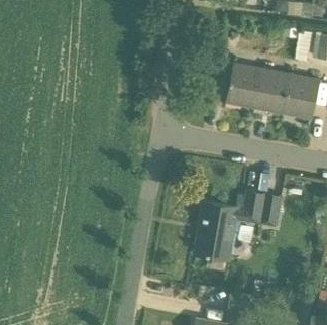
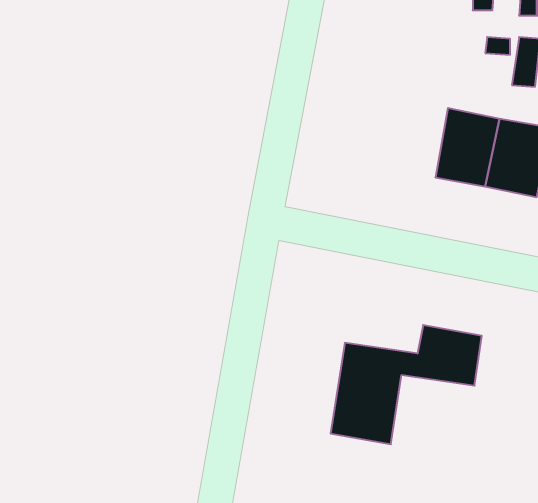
building: [225,63,261,108] -> none

